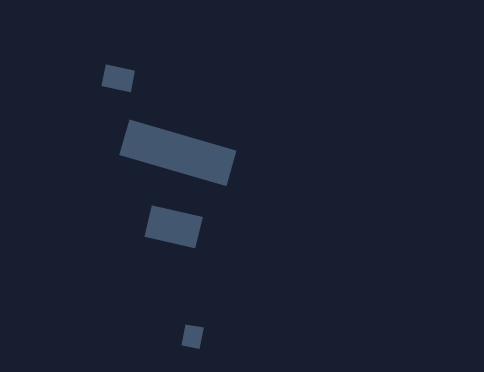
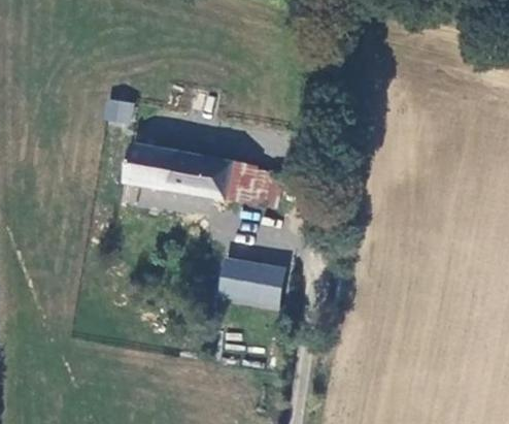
building: none -> [230,165,269,206]
building: [143,204,204,249] -> [228,265,281,302]

